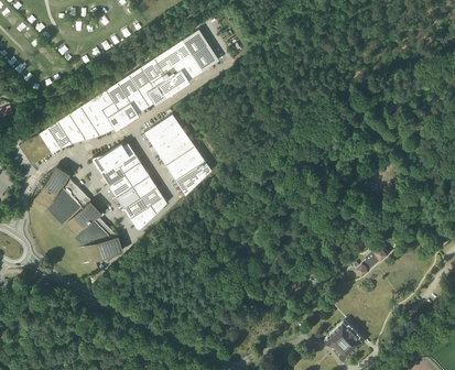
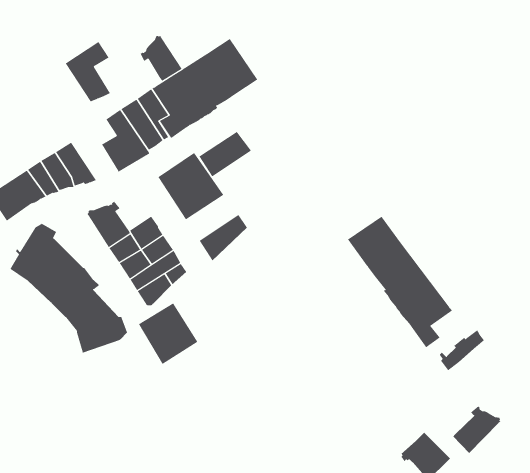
building: none -> [140,35,182,82]
building: [80,90,115,135] -> [65,41,111,102]
building: [112,143,140,173] -> none
building: [165,146,205,181] -> [199,131,252,177]
building: none -> [347,216,453,348]
building: none -> [138,303,198,365]
building: none -> [452,405,501,454]

